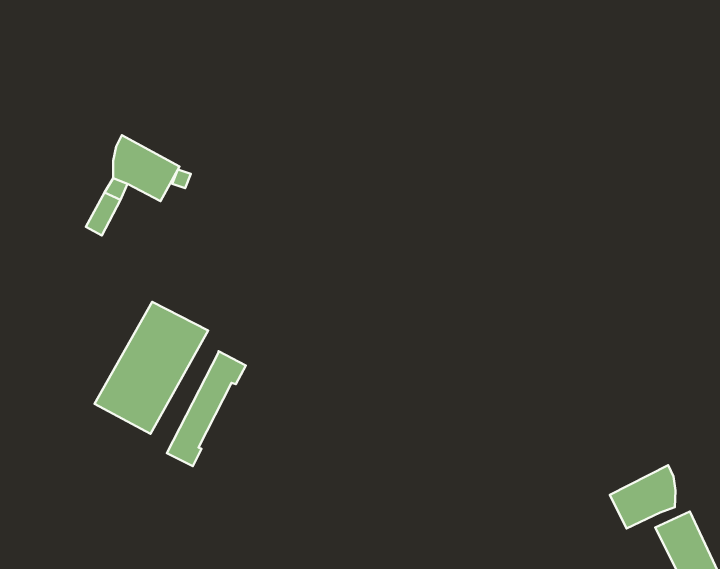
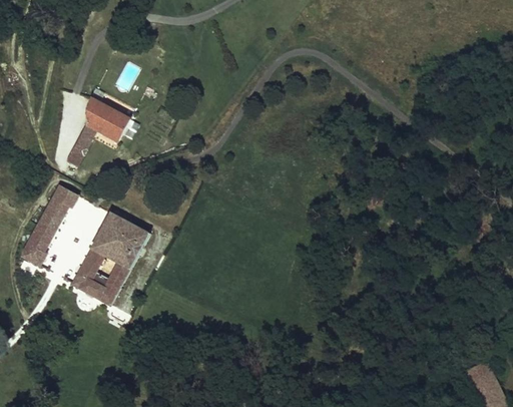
building: [167,351,246,466] -> [22,184,77,265]
building: [610,465,676,529] -> none

